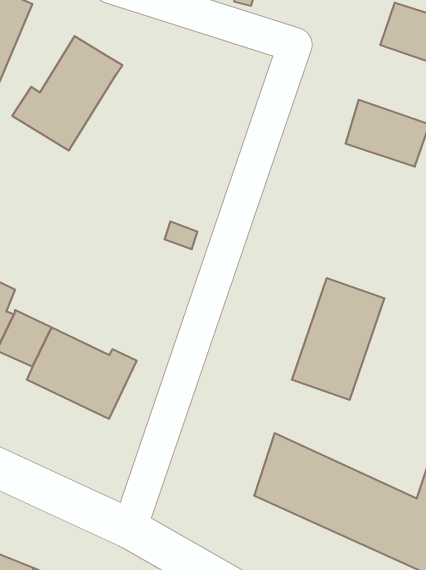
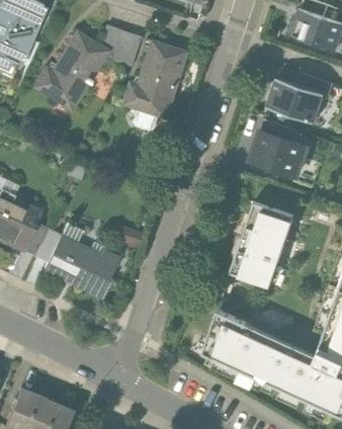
building: none -> [100,25,141,66]
building: none -> [124,40,188,119]
building: none -> [250,125,310,176]

